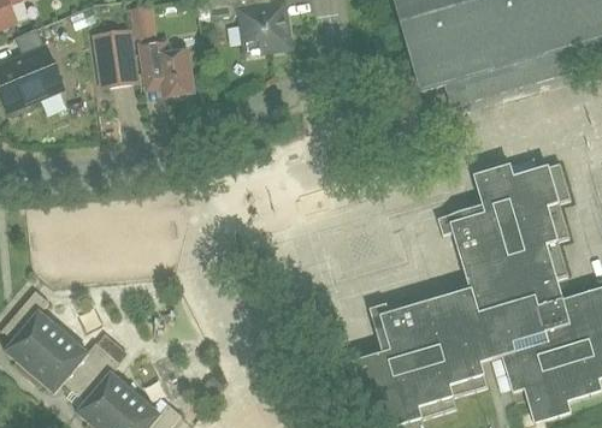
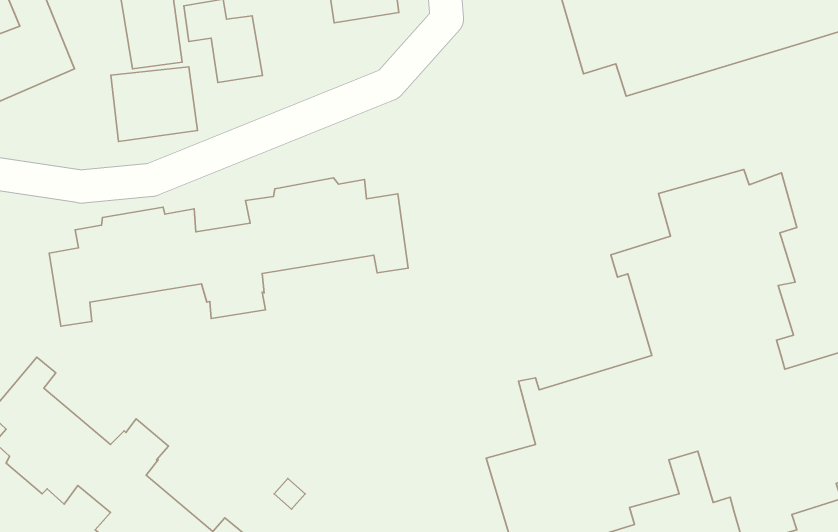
building: none -> [111,67,197,141]
building: none -> [49,178,408,326]

